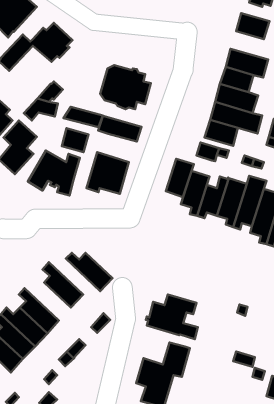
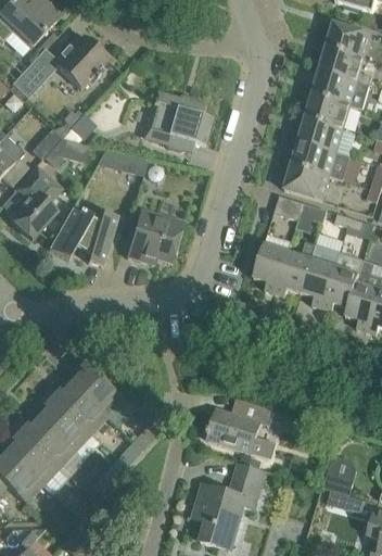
building: none -> [318,47,370,85]
building: [98,116,141,142] -> none
building: [62,128,89,152] -> none
building: [166,159,194,197] -> none
building: [66,253,112,291] -> [43,382,105,433]

